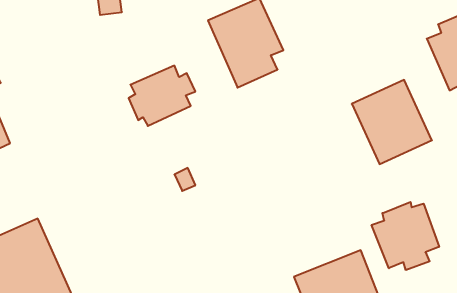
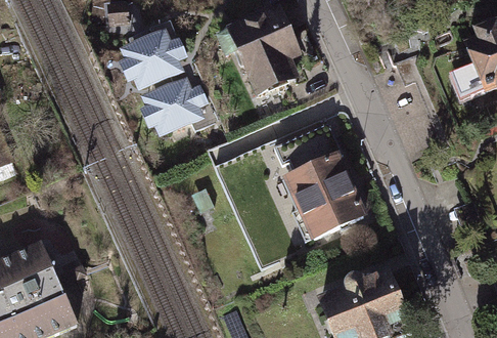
building: none -> [121,30,192,95]
building: [352,80,432,164] -> [277,150,363,240]
building: [372,202,439,270] -> none

